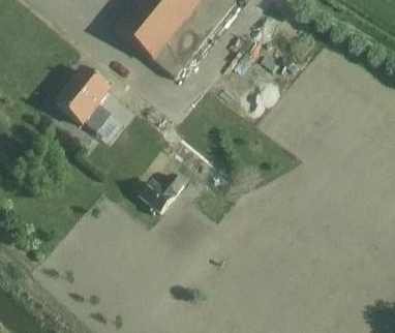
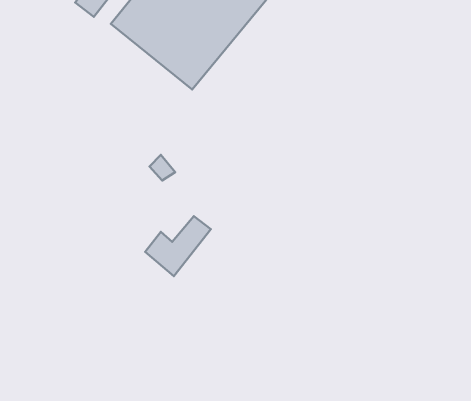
building: [56,68,112,131] -> none

